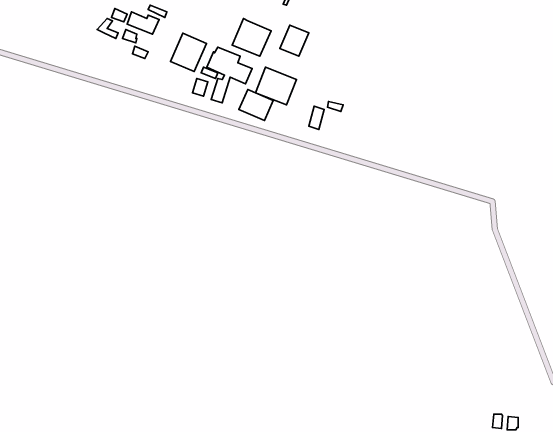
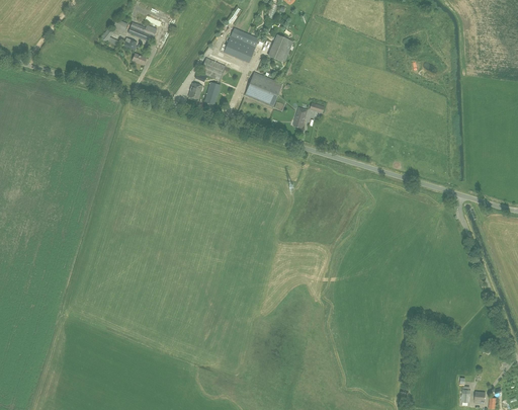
building: [171,33,206,72] -> none
building: [239,90,273,120] -> none

